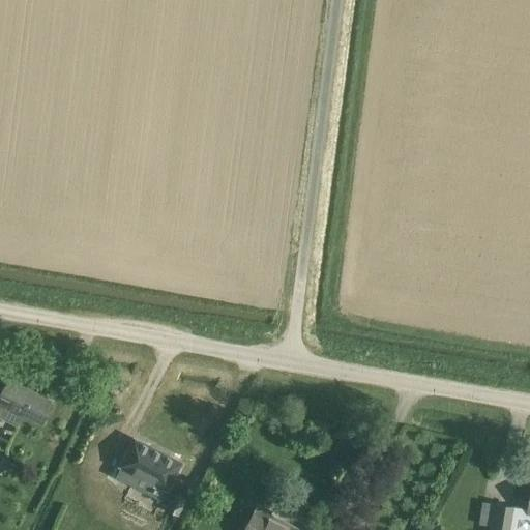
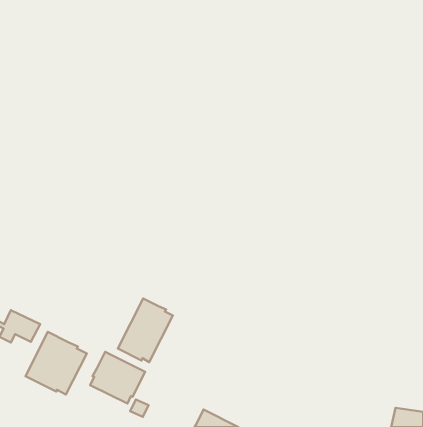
building: none -> [118,298,173,362]
building: none -> [26,332,87,395]

